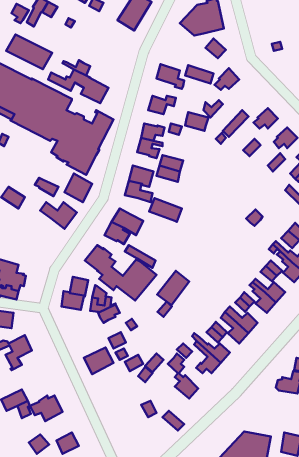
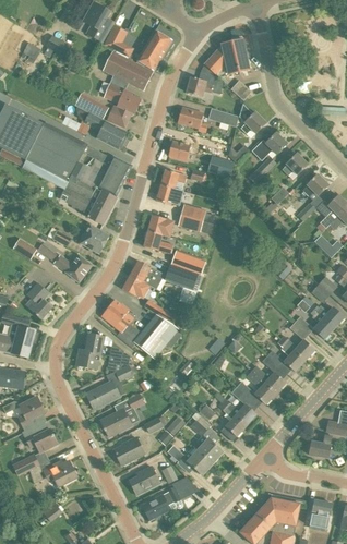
building: [6,34,52,69] -> [104,51,153,88]
building: none -> [187,74,223,95]
building: none -> [104,82,141,128]
building: none -> [252,131,287,159]
building: none -> [164,263,198,289]
building: none -> [25,281,52,318]
building: [157,271,189,305] -> none
building: none -> [86,379,120,409]
building: none -> [23,426,58,451]
building: none -> [113,436,145,464]
building: none -> [167,444,213,474]
building: none -> [130,464,160,494]
building: none -> [142,485,183,519]

